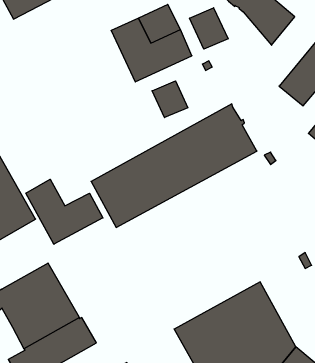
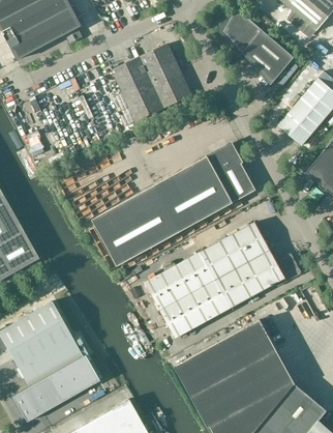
building: [190,8,228,49] -> none
building: [152,81,188,118] -> none
building: [26,179,103,244] -> none
building: none -> [145,222,301,337]

